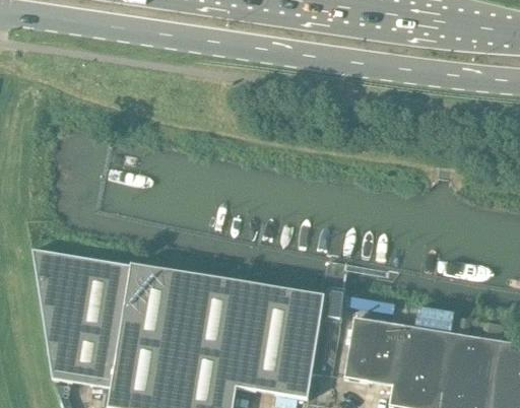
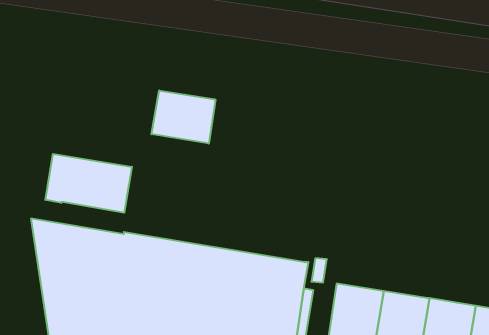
building: none -> [151,90,215,144]
building: none -> [45,154,132,213]

